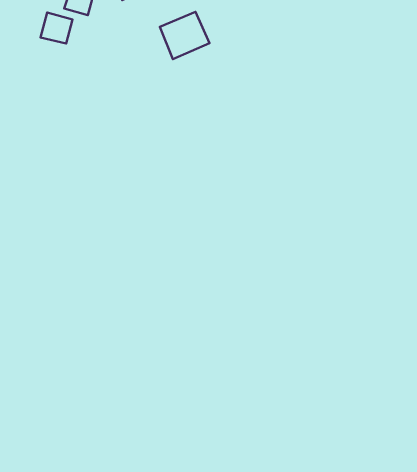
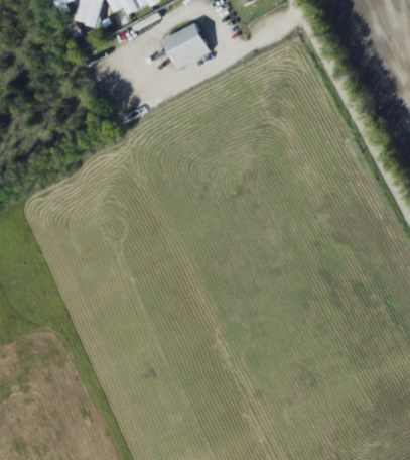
building: [40,13,72,43] -> none

